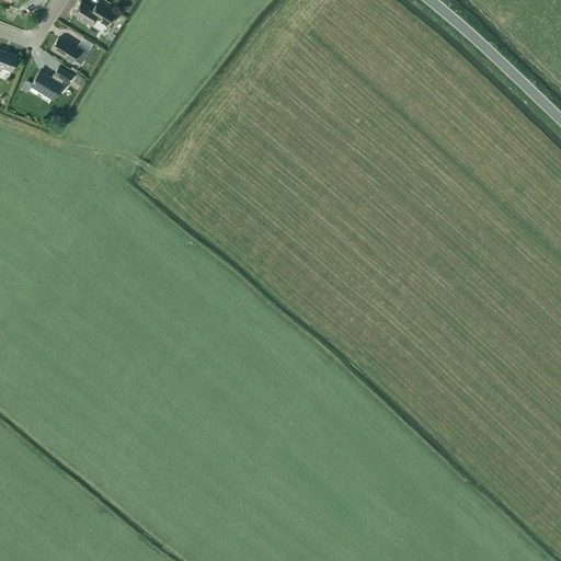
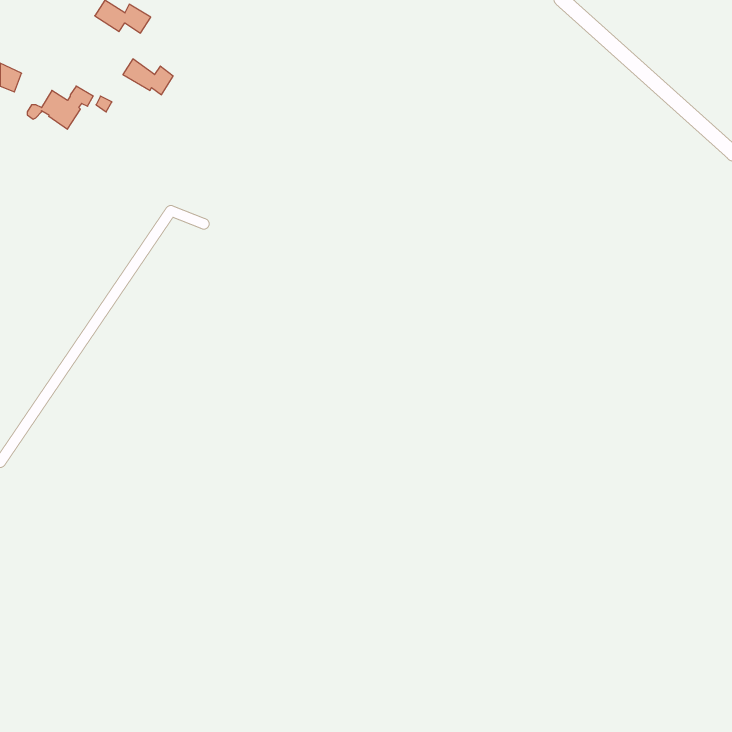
building: [51,36,90,64] -> [123,59,173,95]

